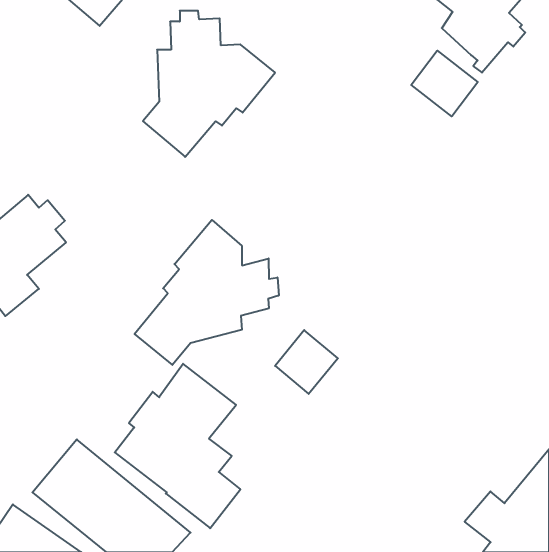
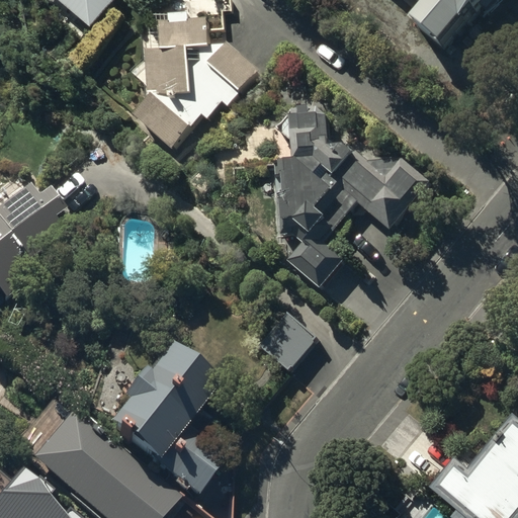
building: [411,51,478,116] -> none
building: none -> [276,103,430,286]
building: [135,220,279,365] -> none

